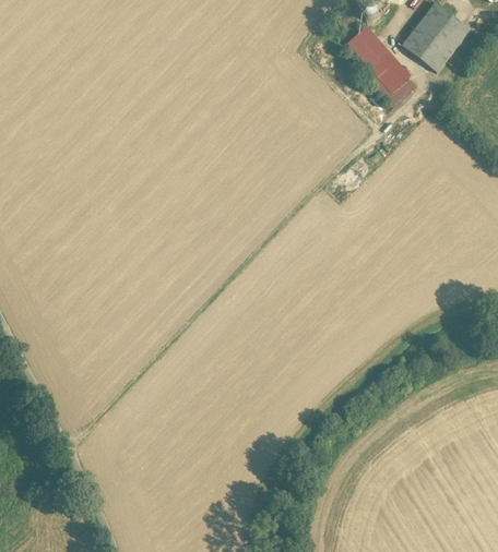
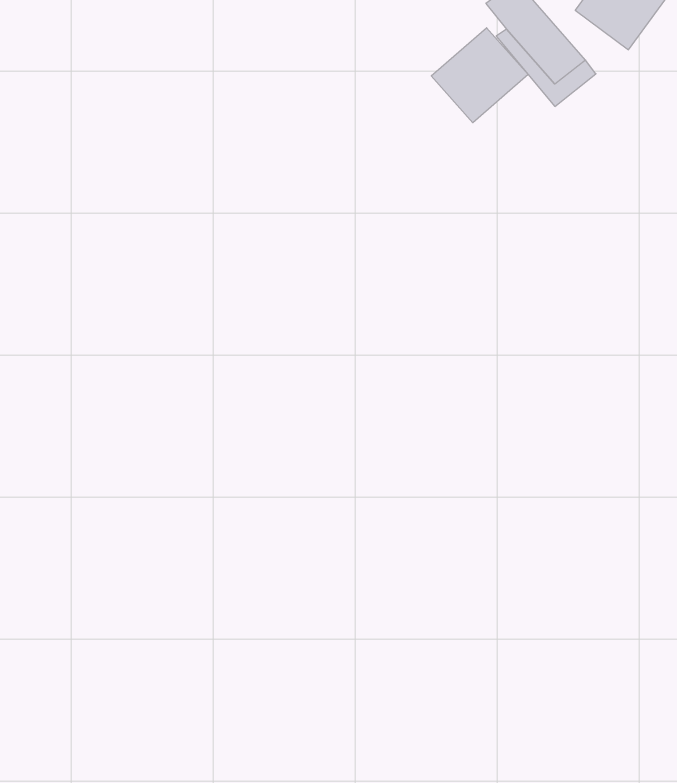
building: none -> [431,28,528,123]

